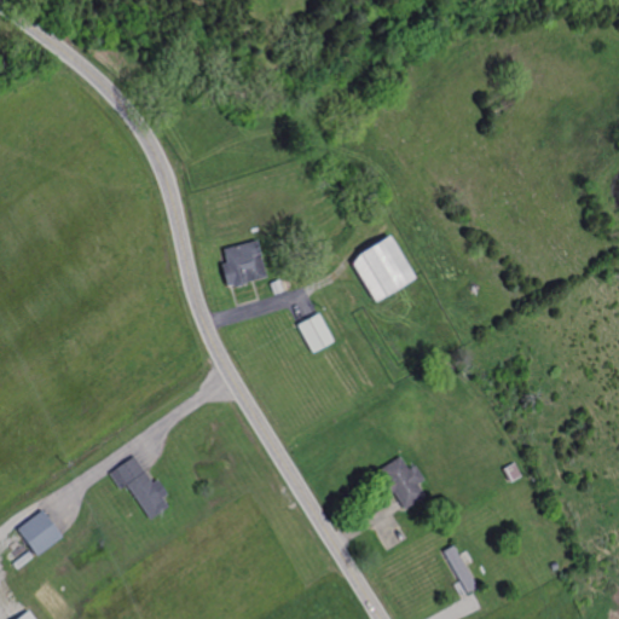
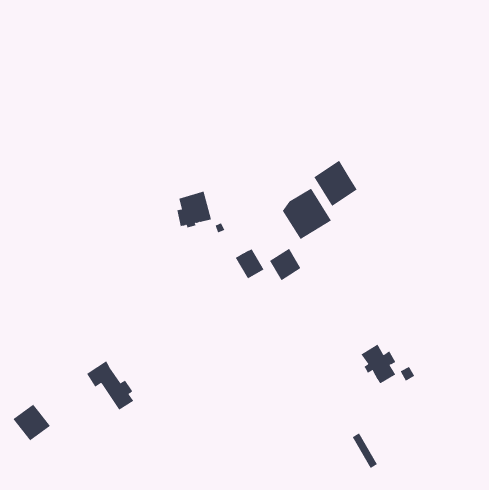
building: none -> [314,160,358,207]
building: none -> [269,248,301,281]
building: [380,456,424,507] -> [361,344,396,384]

